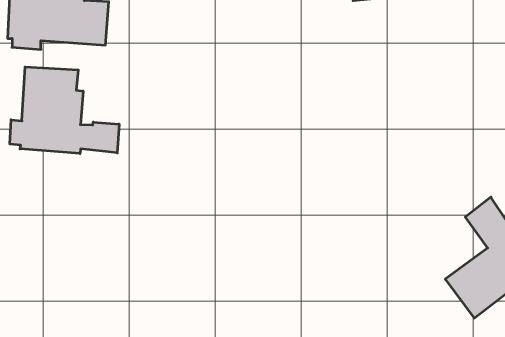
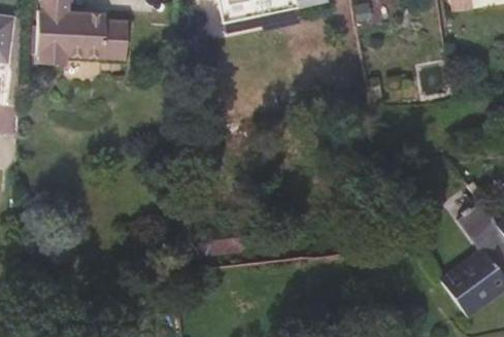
building: [10,67,119,154] -> none

